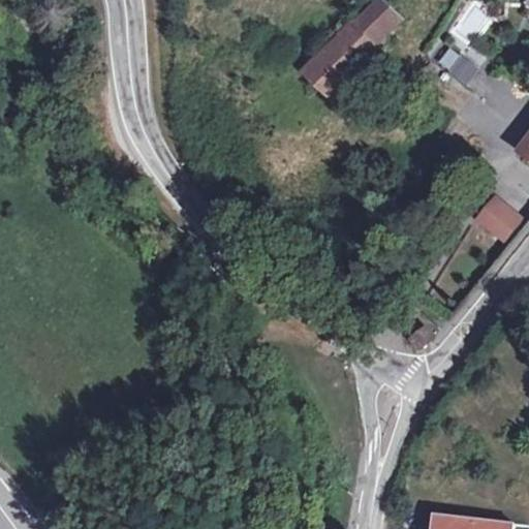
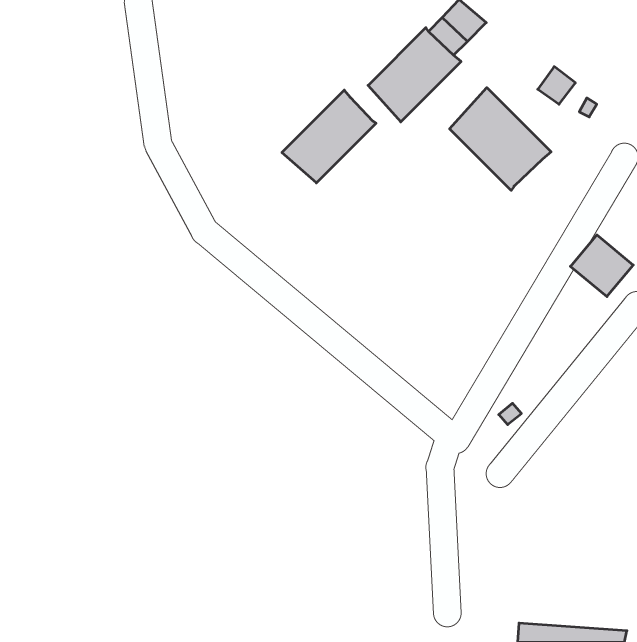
building: none -> [450,88,551,190]
building: none -> [282,90,376,183]

